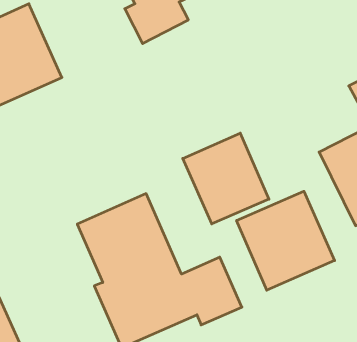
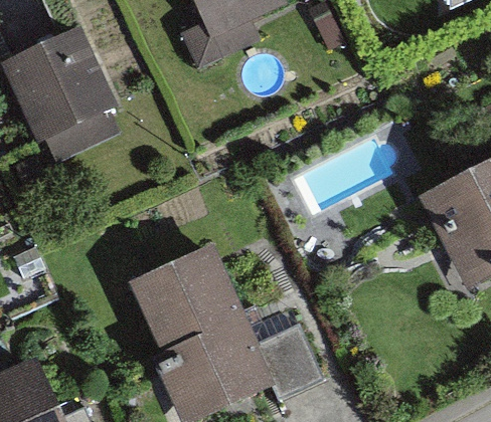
building: [183,133,269,224] -> none
building: [237,191,335,290] -> none

